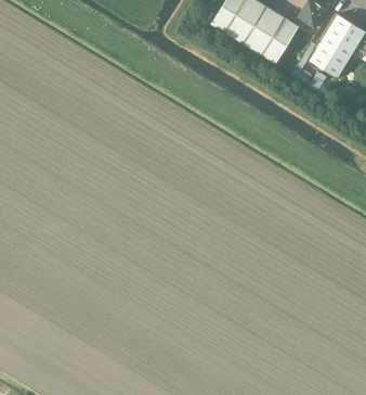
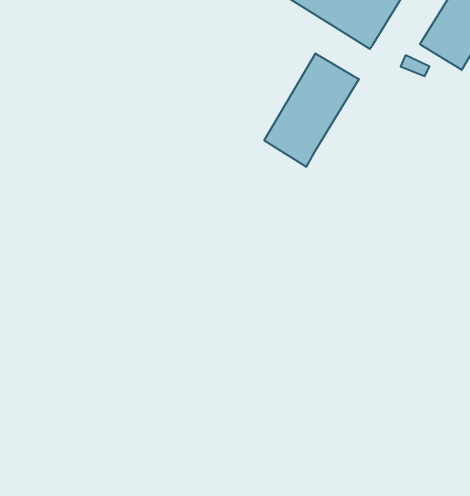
building: none -> [264,53,359,167]

